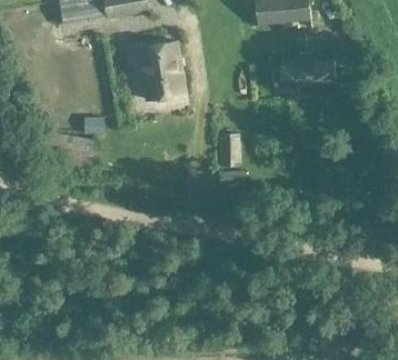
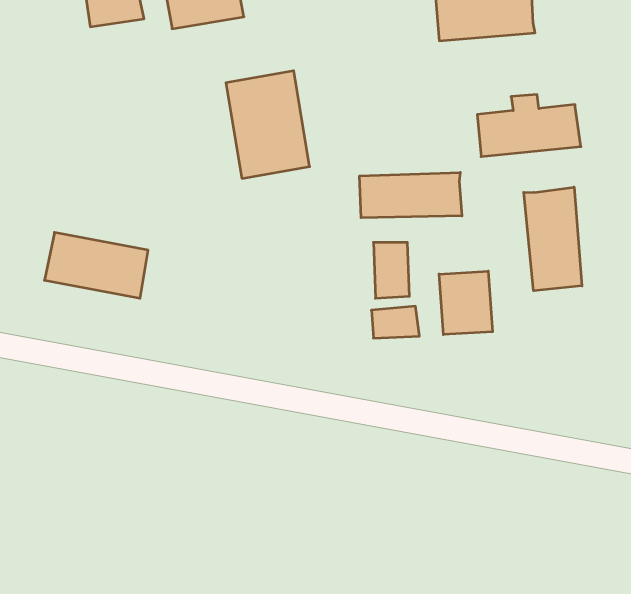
building: none -> [360,172,462,218]
building: none -> [524,187,582,291]
building: none -> [439,271,493,335]

